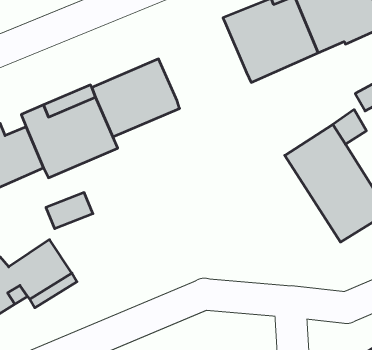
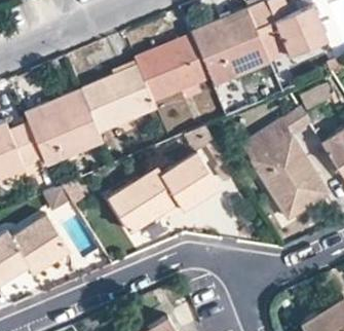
building: none -> [135,35,211,102]
building: none -> [109,126,219,232]

